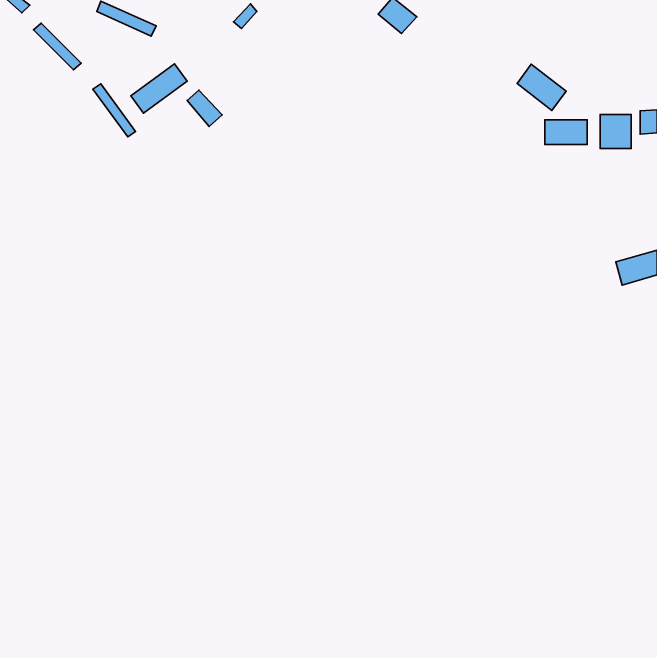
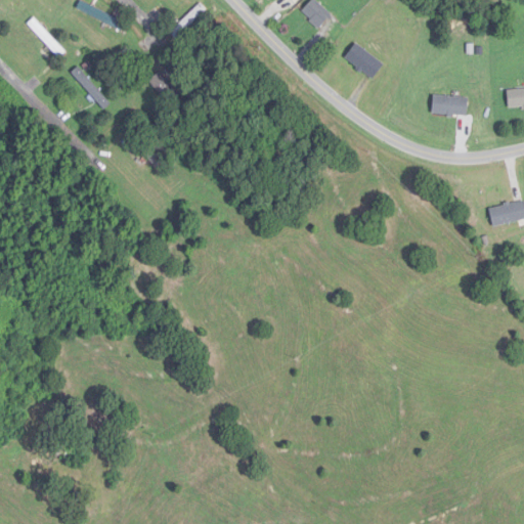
building: [131,64,187,113] -> none
building: [517,64,566,111] -> [344,42,383,79]
building: [600,114,631,148] -> none

